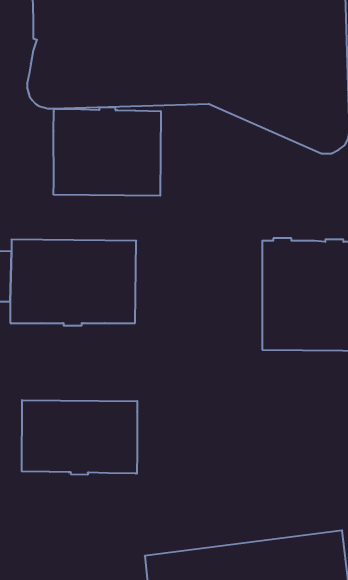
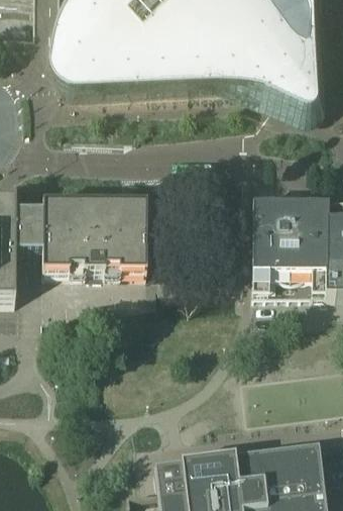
building: [54,107,161,196] -> none
building: [22,400,137,475] -> none

